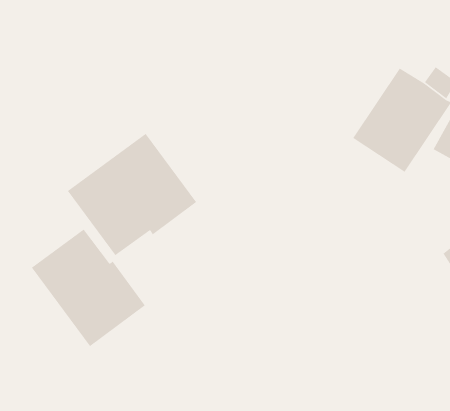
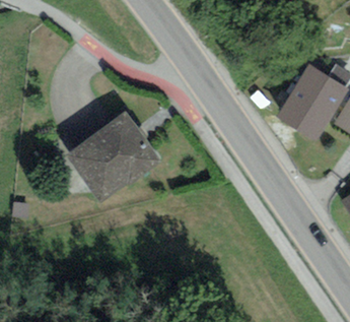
building: [31,229,146,347] -> none

